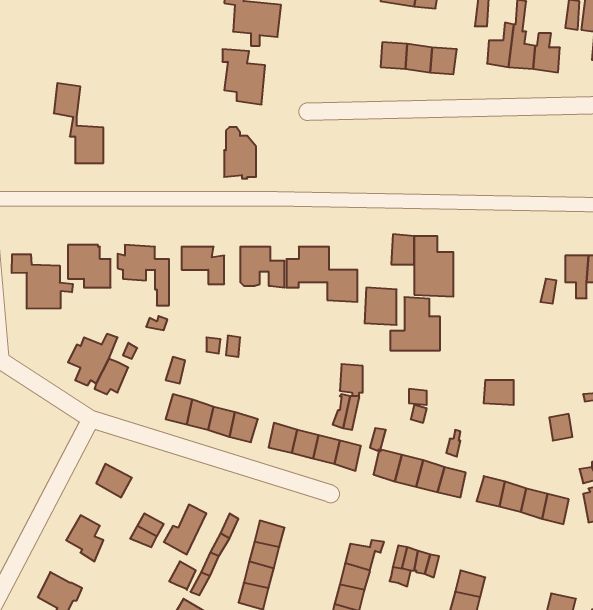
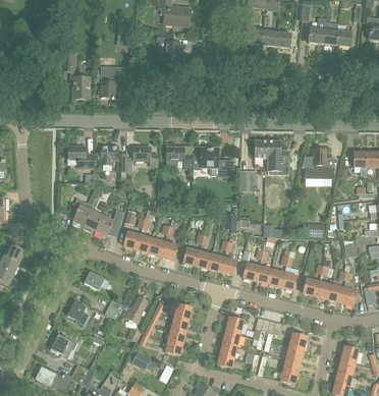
building: [224,127,256,179] -> [100,69,118,99]
building: [12,254,73,309] -> none
building: [390,297,440,350] -> [304,149,332,179]
building: none -> [94,210,123,236]

